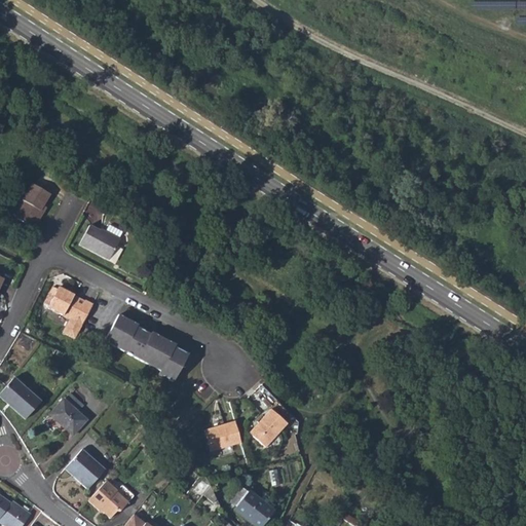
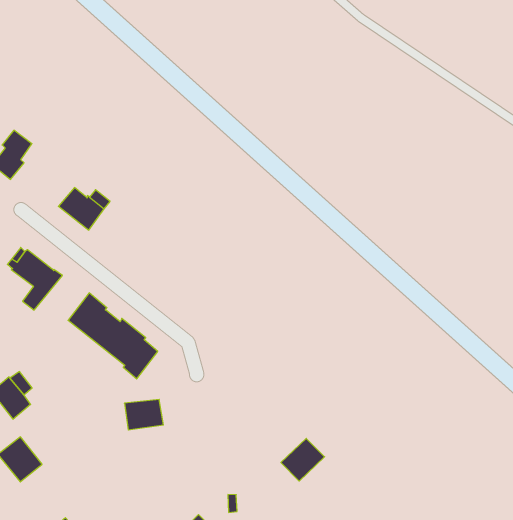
building: [250,411,287,449] -> [281,438,325,481]
building: [204,419,241,450] -> [124,399,163,430]
building: [87,479,125,514] -> none

